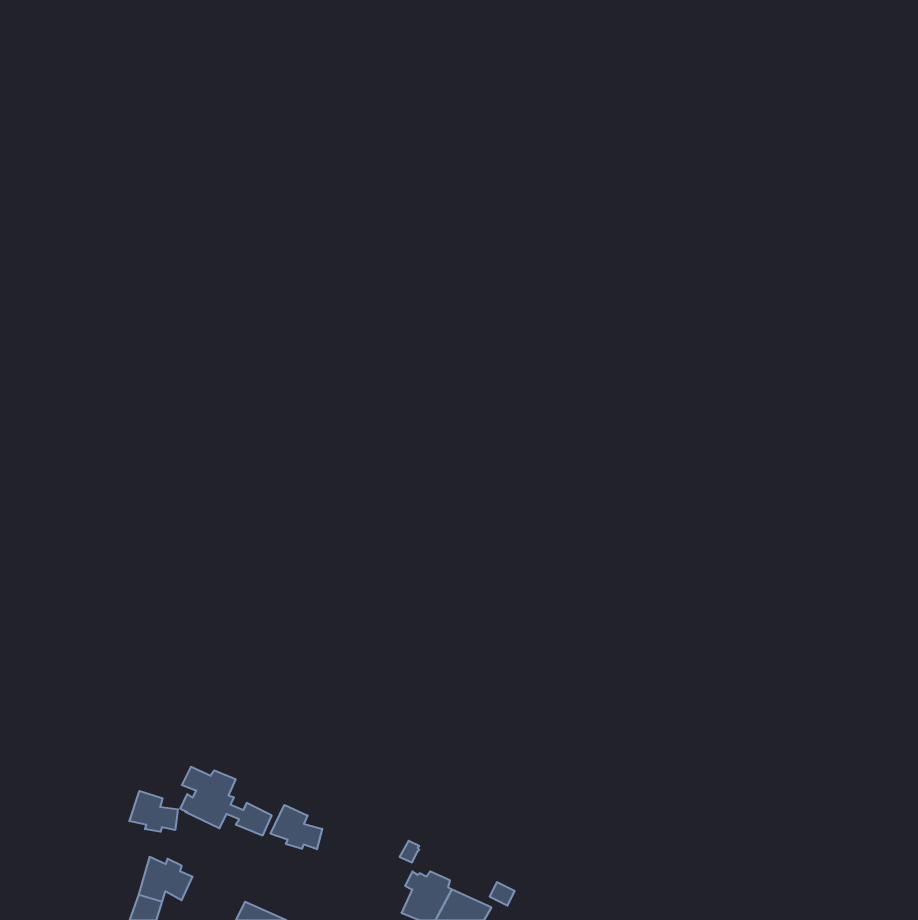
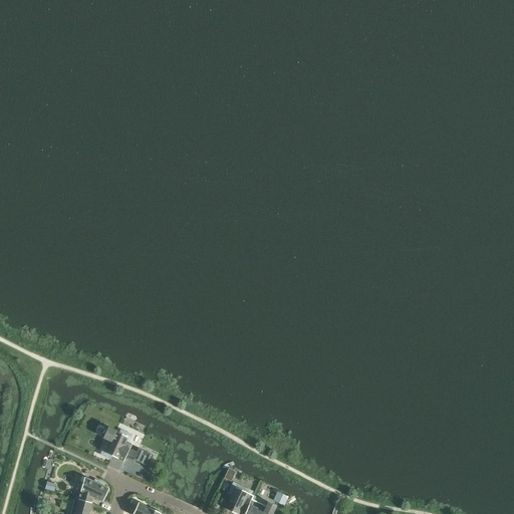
building: [129,791,178,832] -> none
building: [271,805,322,849] -> none

